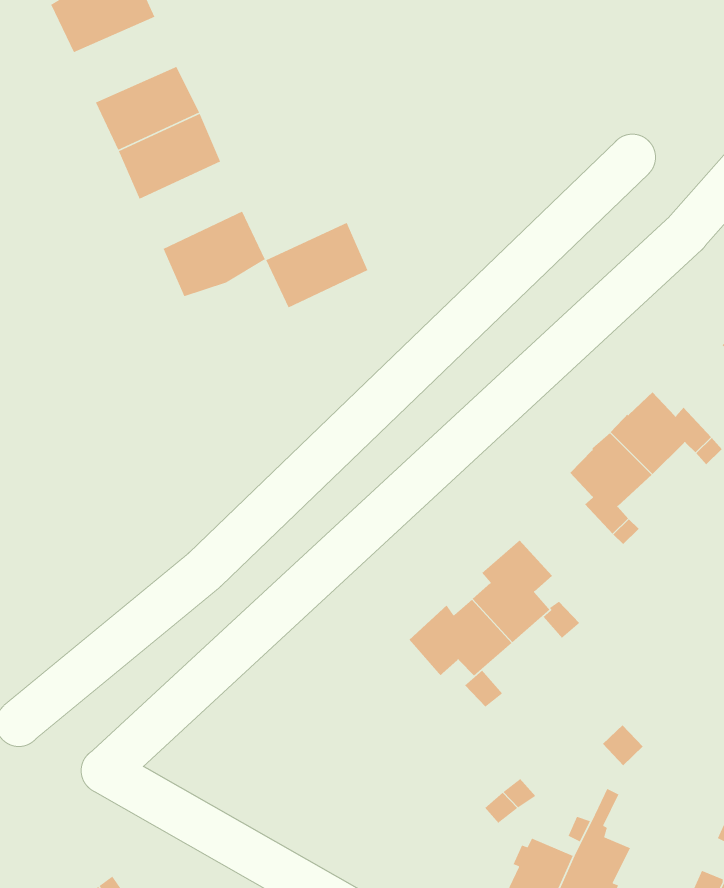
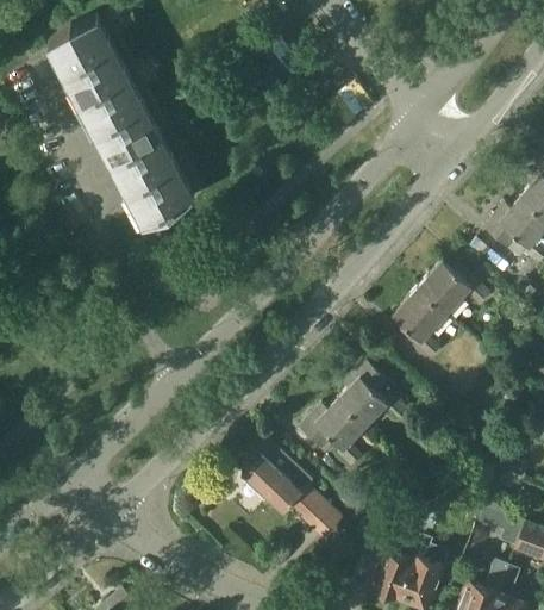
building: none -> [64,49,130,105]
building: [265,222,368,309] -> [112,137,177,194]
building: none -> [242,443,343,540]

